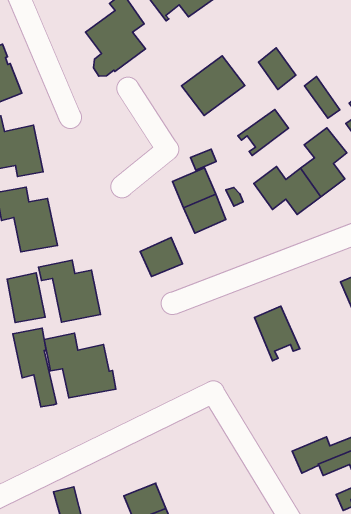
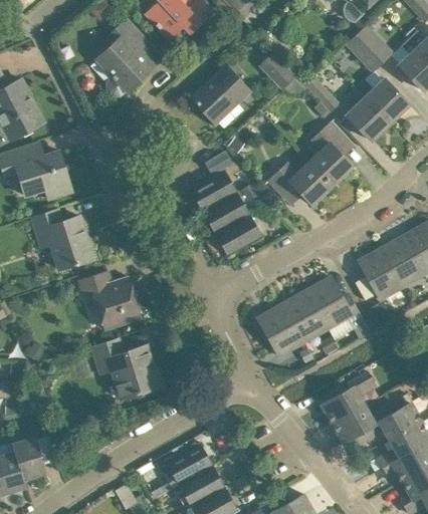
building: [238,109,289,156] -> none
building: [140,238,182,277] -> [218,217,258,255]
building: [7,273,45,322] -> none
building: none -> [305,277,354,328]
building: none -> [256,304,303,349]
building: [13,328,57,407] -> none
building: none -> [320,372,375,424]
building: none -> [160,443,209,489]

